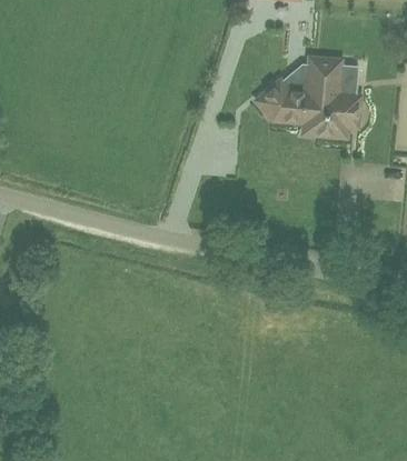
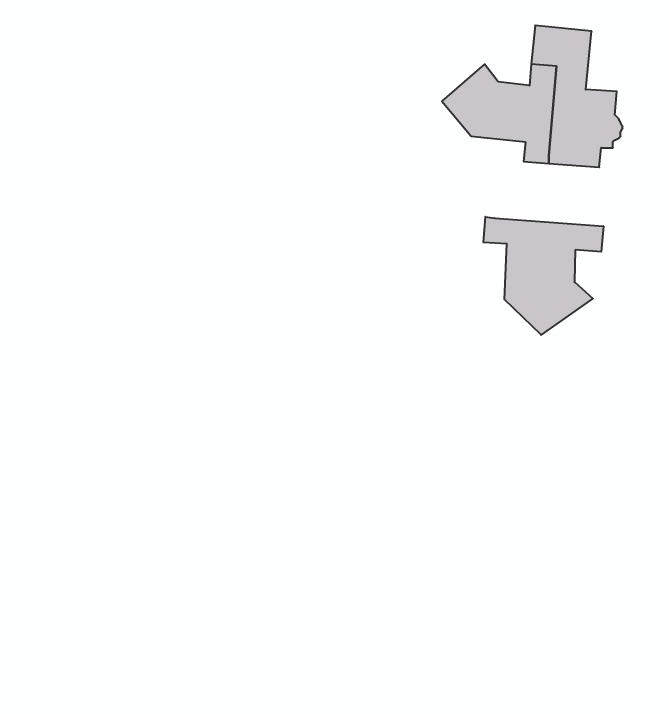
building: none -> [483,217,603,335]

